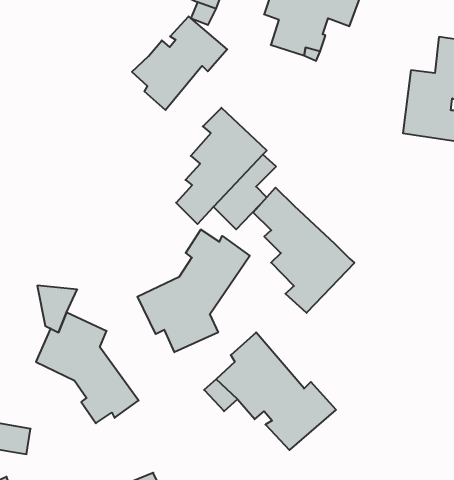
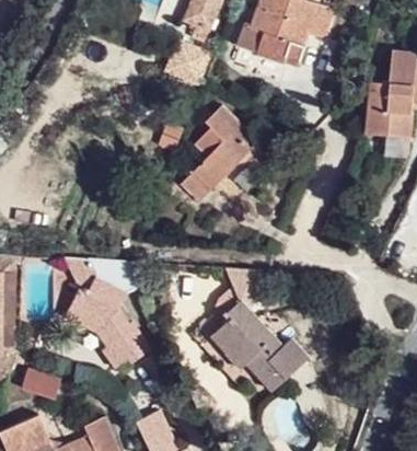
building: [132,16,227,110] -> none
building: [253,188,354,313] -> none
building: [137,229,250,352] -> none

